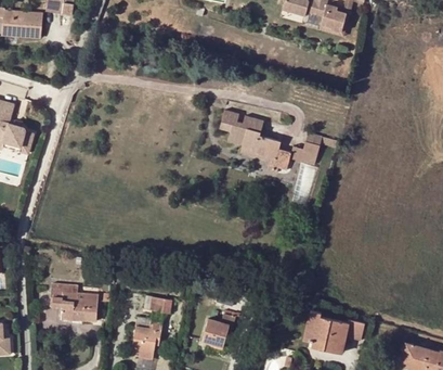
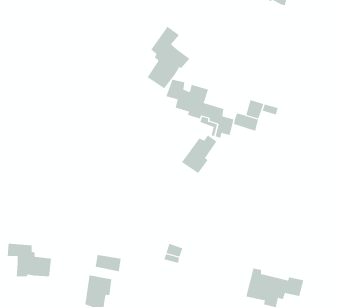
building: none -> [147,26,190,89]
building: none -> [181,135,217,174]
building: [200,314,235,347] -> none

